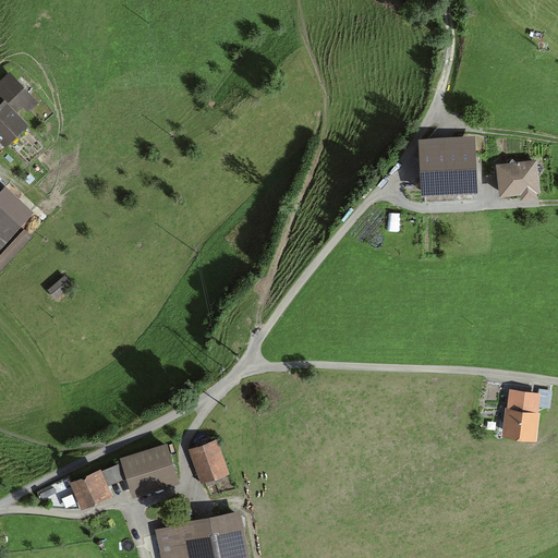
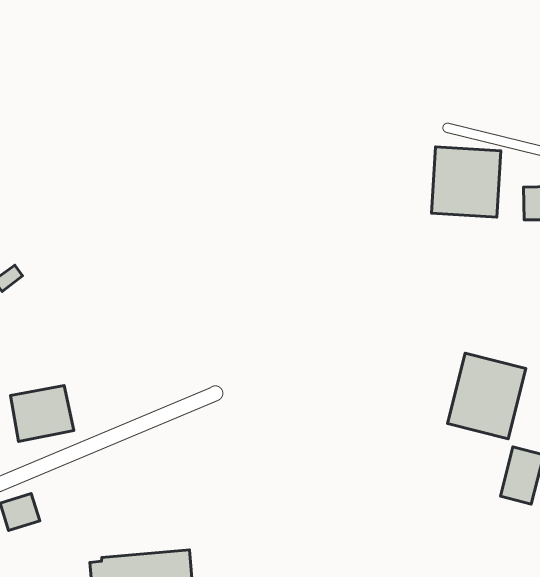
building: none -> [447,353,526,439]
building: [186,438,221,482] -> none
building: [111,445,169,497] -> [10,386,74,442]

